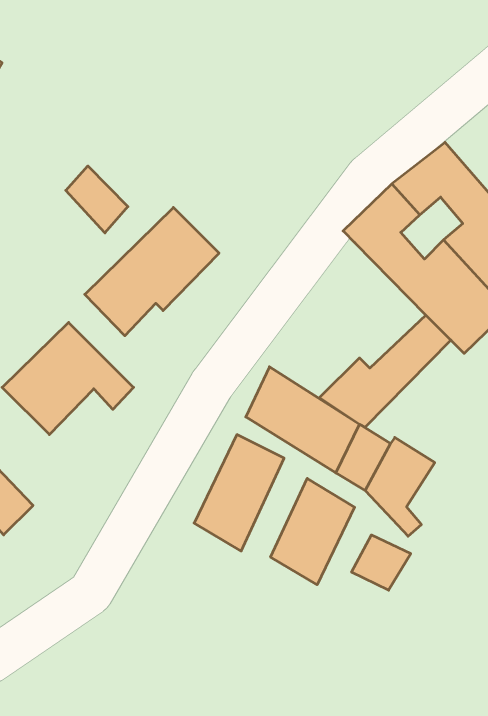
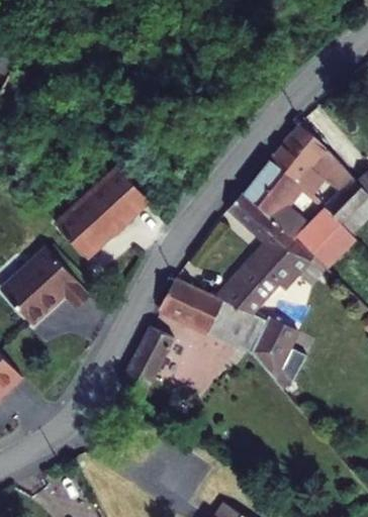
building: [66,166,128,233] -> none
building: none -> [224,192,292,278]
building: [271,478,355,585] -> none
building: [352,535,411,590] -> none

